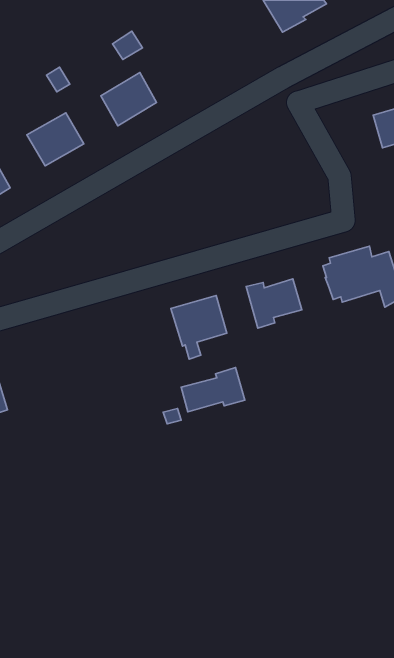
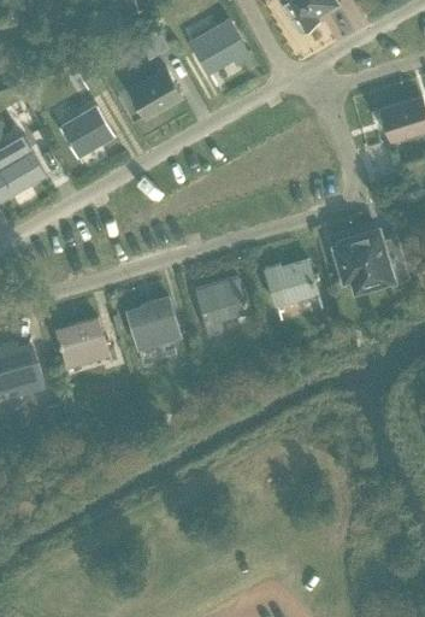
building: none -> [190,22,248,76]
building: none -> [128,299,178,348]
building: none -> [55,319,107,362]
building: [181,367,245,412] -> none

